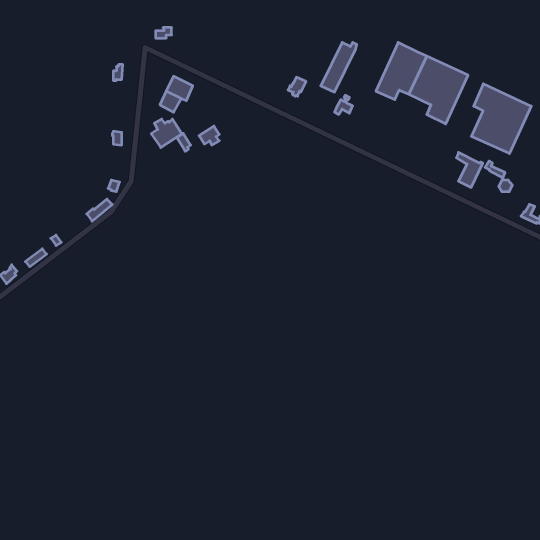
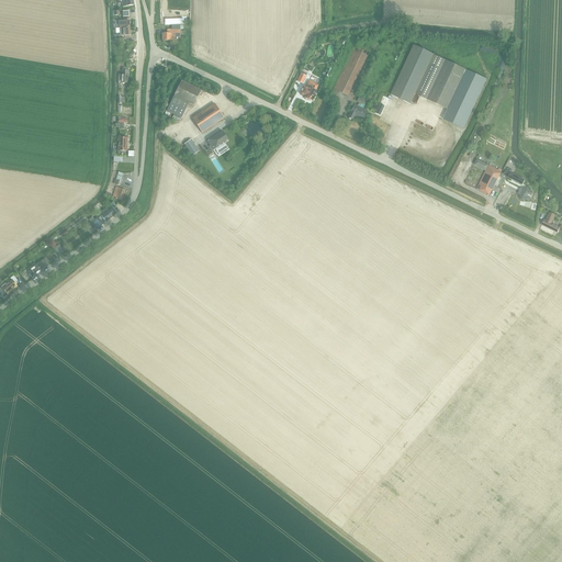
building: [471,84,531,154] -> none
building: [151,119,182,148] -> [191,102,223,132]

